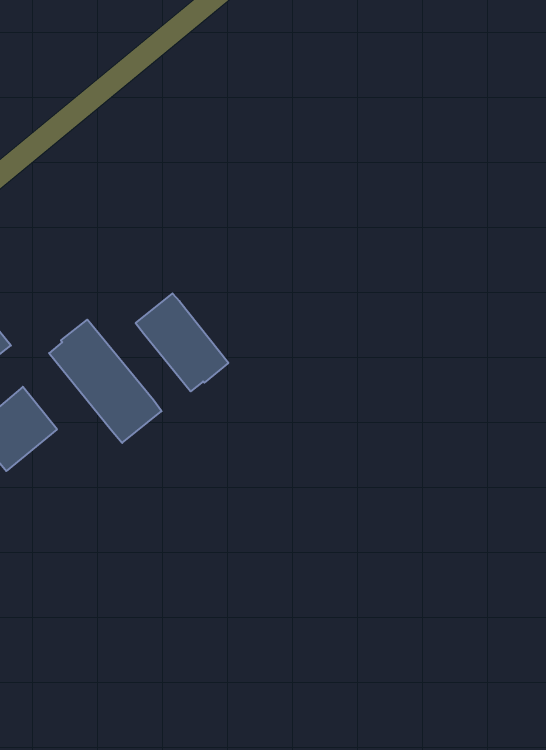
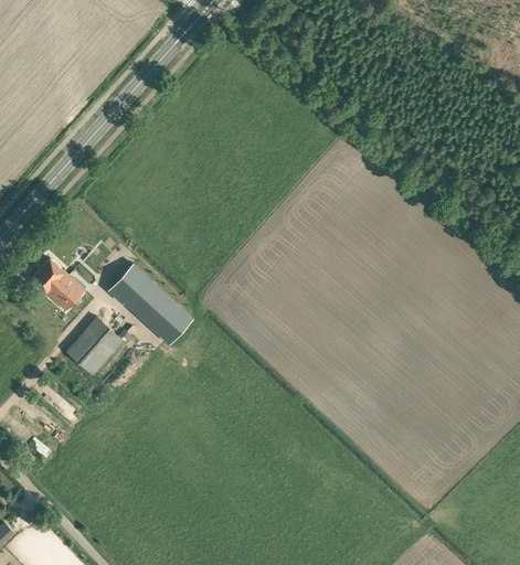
building: [136,293,228,391] -> none

